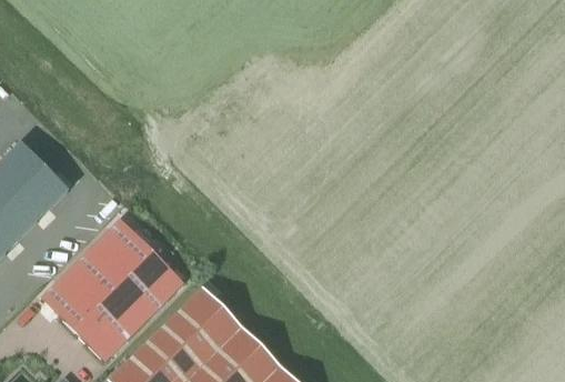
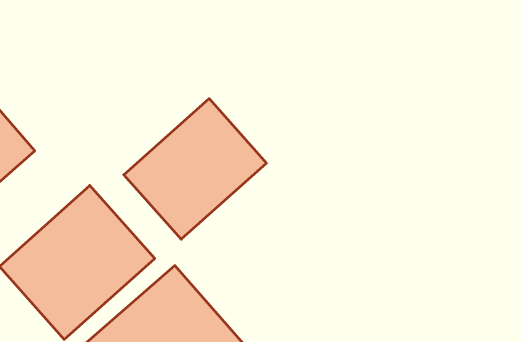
building: none -> [124,99,266,239]

